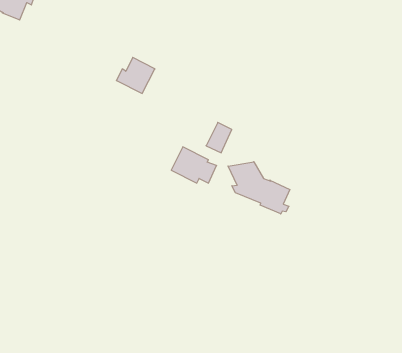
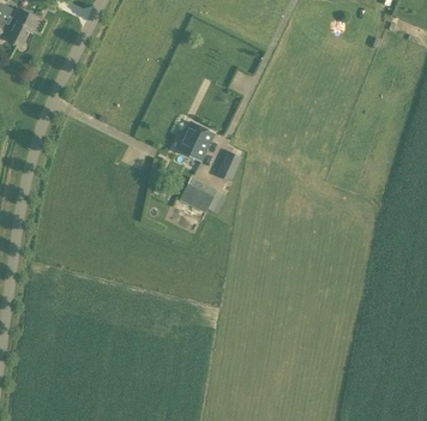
building: [116,57,155,93] -> [174,121,213,158]
building: [228,162,290,214] -> none

